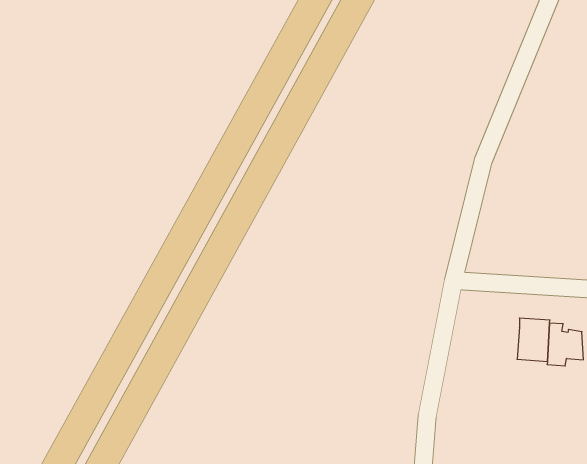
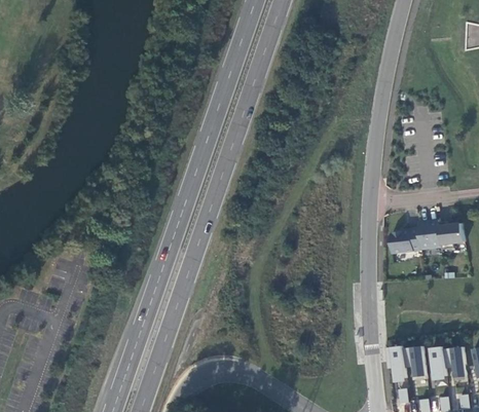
building: none -> [389,227,419,253]

